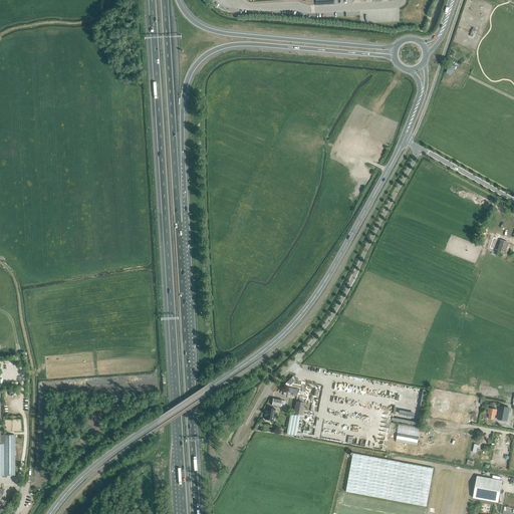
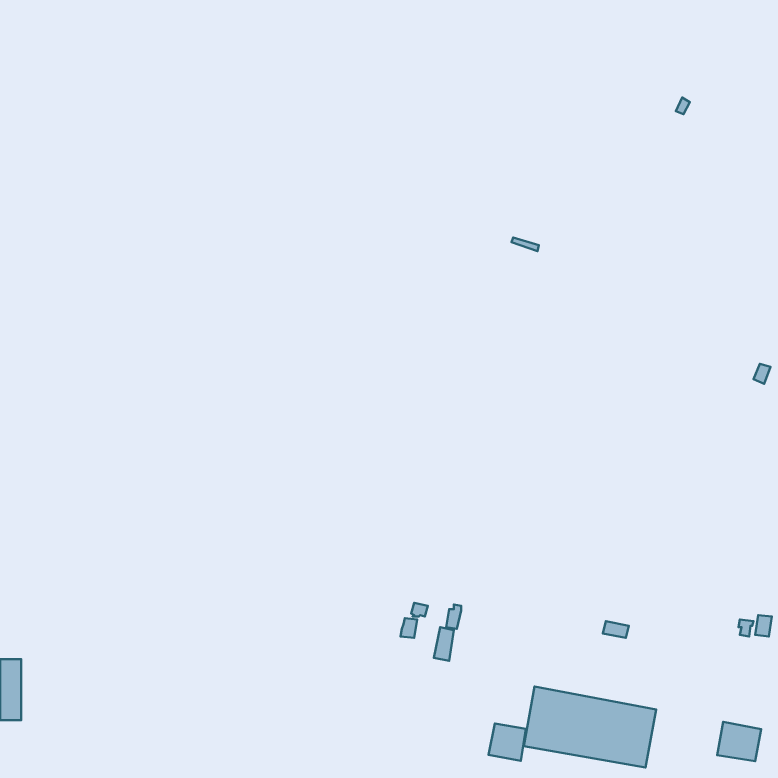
building: none -> [488,723,526,761]

